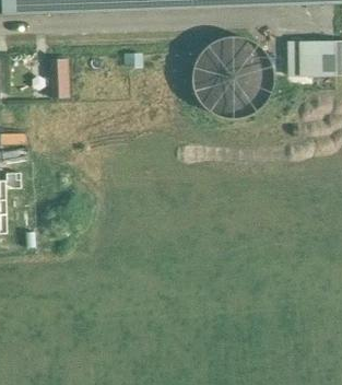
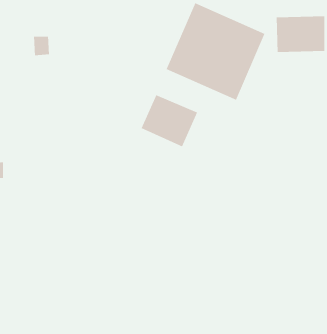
building: none -> [140,94,198,148]

